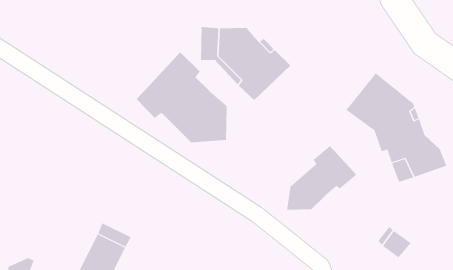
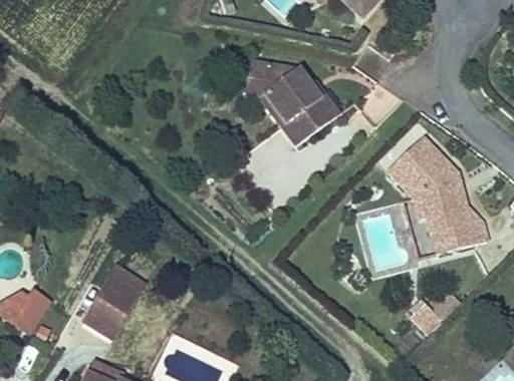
building: [136,52,227,143] -> none
building: [287,145,357,211] -> none

